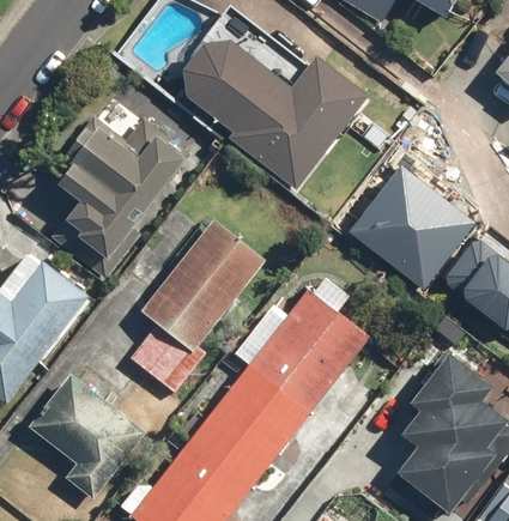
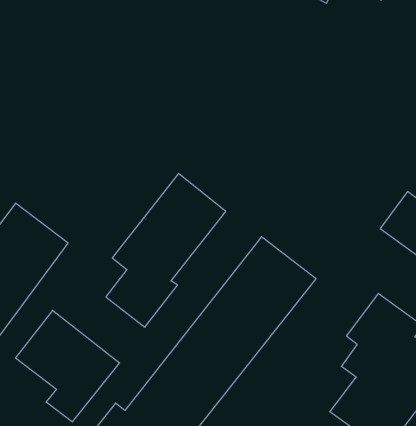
building: [182,41,369,192] -> none
building: [49,115,193,280] -> none
building: [353,166,474,285] -> none

